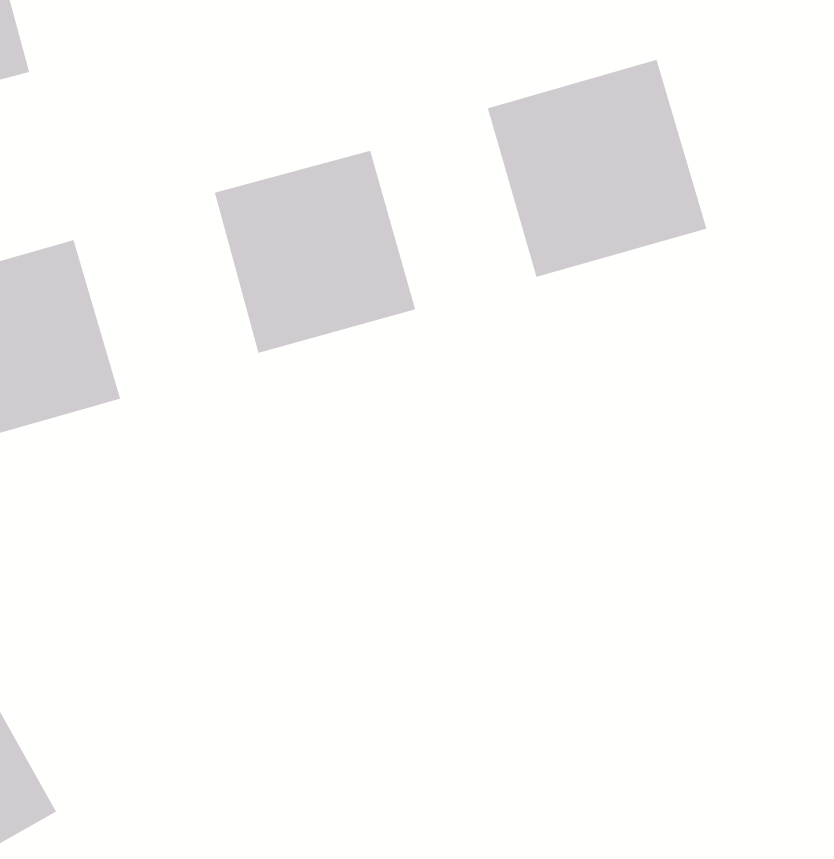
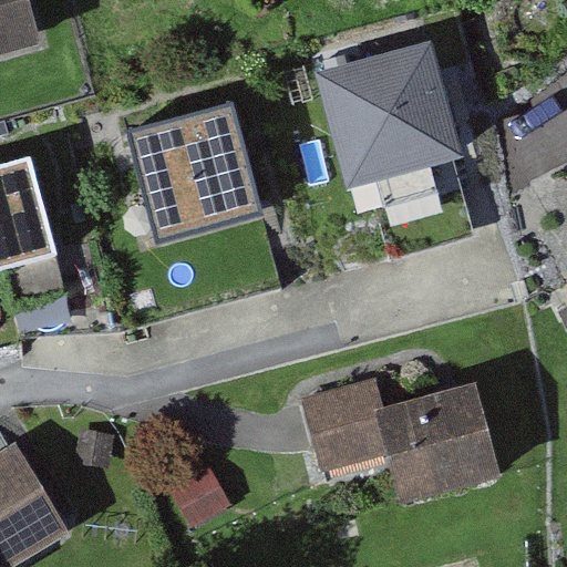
building: none -> [284,386,483,508]

